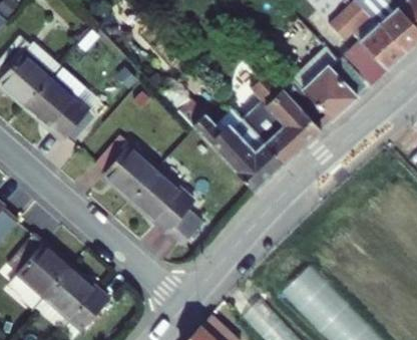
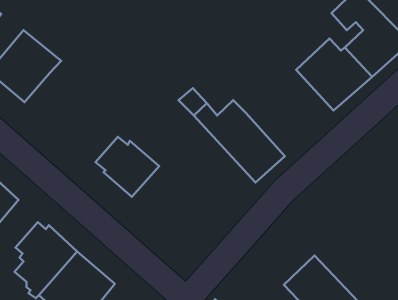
building: [25,70,89,144] -> none
building: [242,73,331,164] -> none
building: [131,175,202,251] -> none

